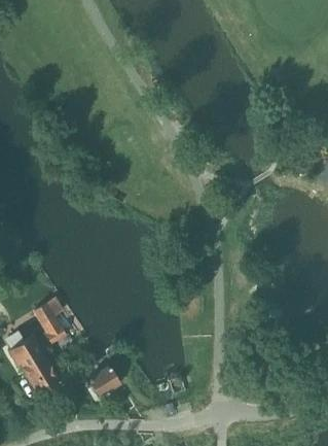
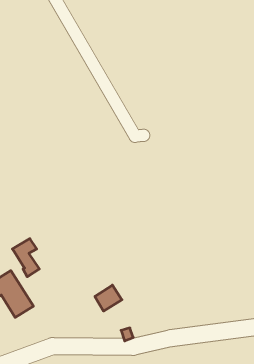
building: [88,365,120,396] -> [95,285,122,311]

